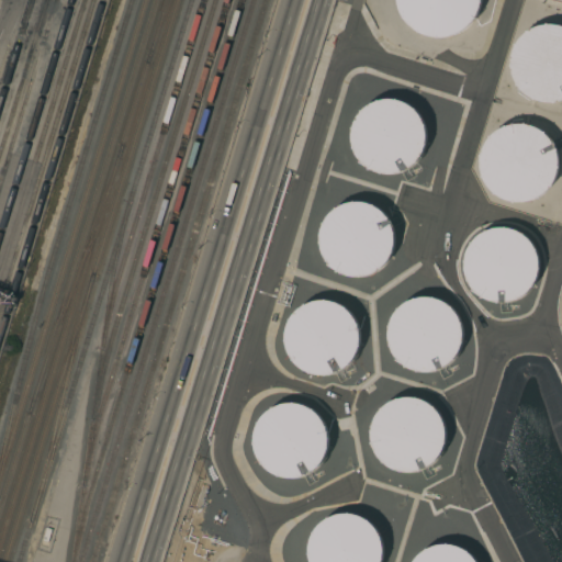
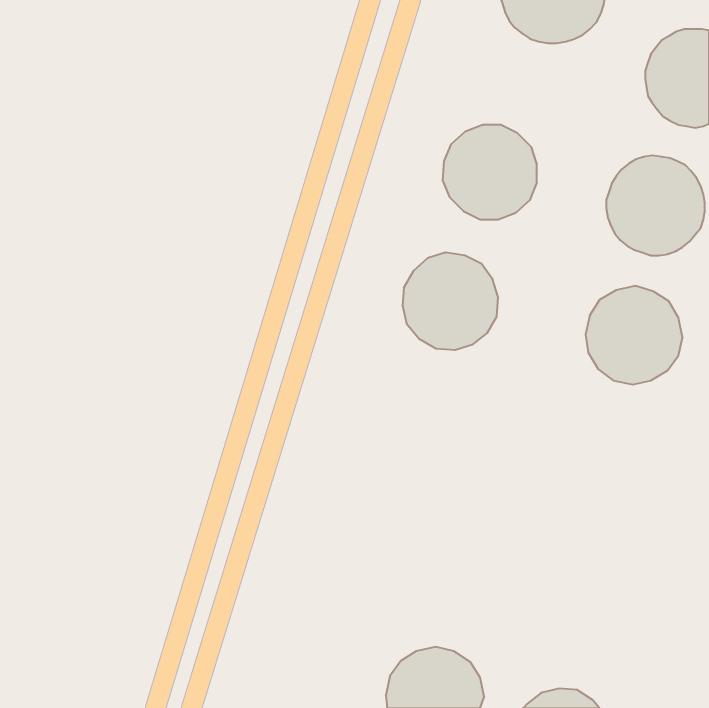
building: [386,295,463,372] -> none
building: [285,300,360,374] -> none
building: [368,395,446,472] -> none
building: [250,402,327,477] -> none

